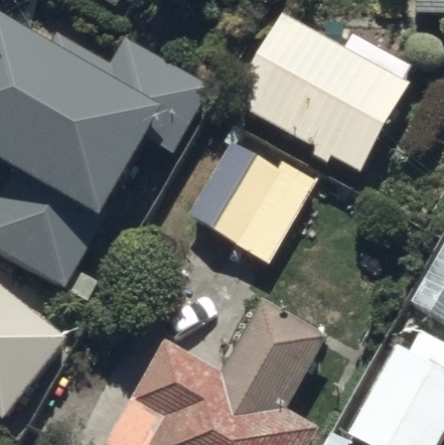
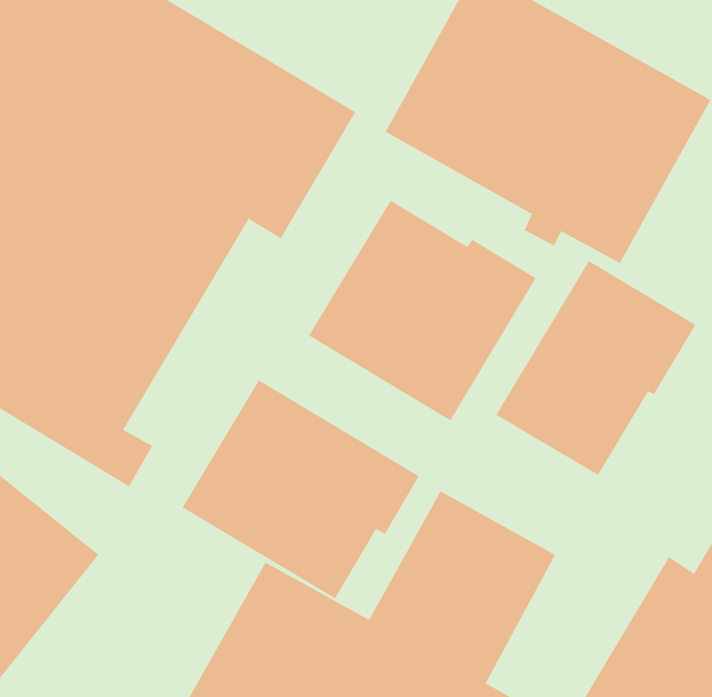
building: none -> [496,260,696,476]
building: none -> [182,379,420,599]

